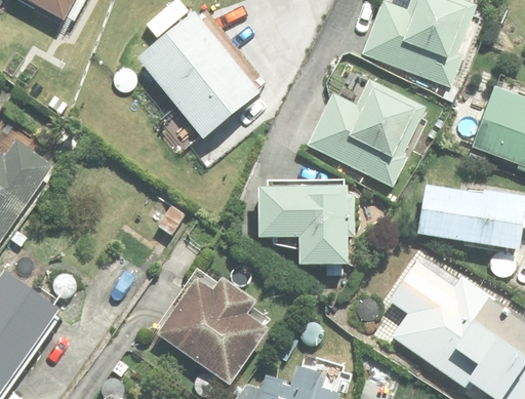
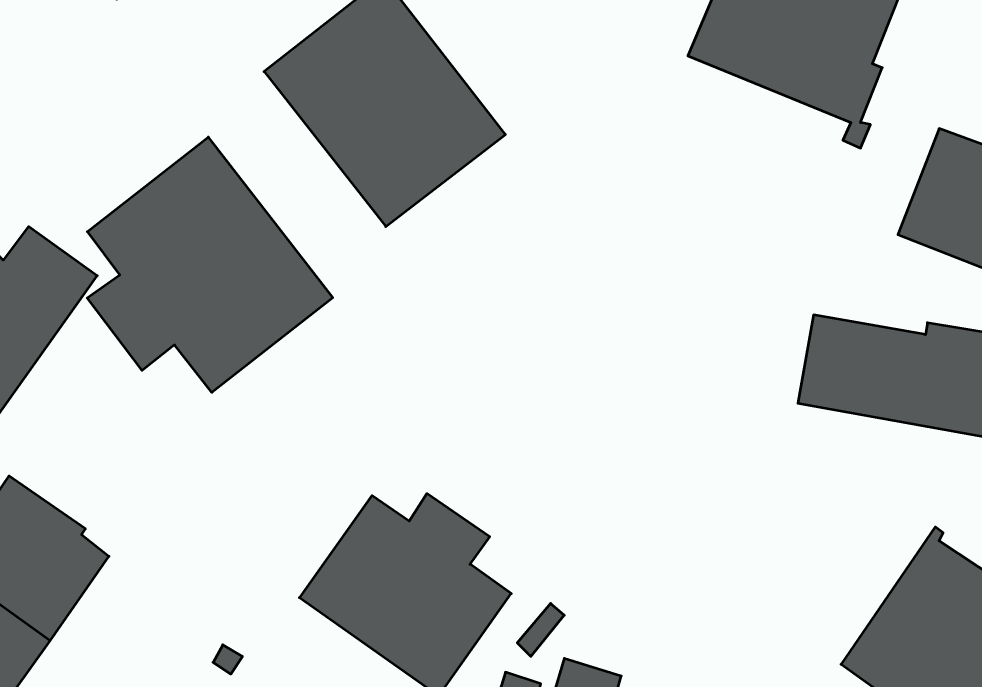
building: [306,78,426,185] -> none
building: none -> [87,137,333,392]
building: [258,189,353,266] -> none
building: [389,262,489,368] -> none

